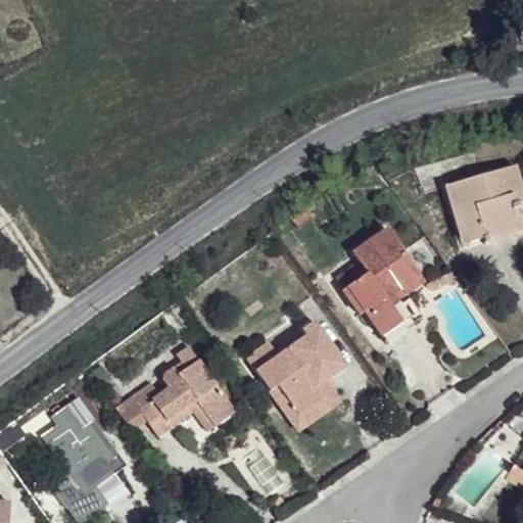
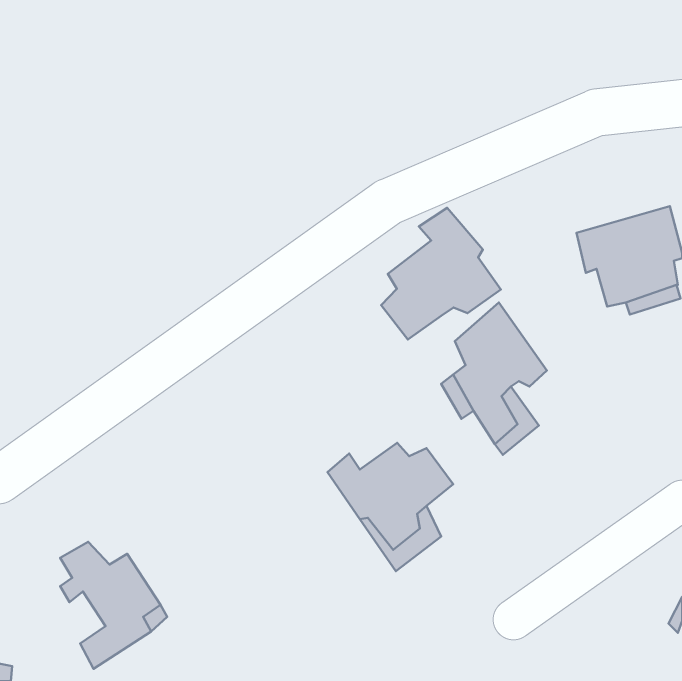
building: none -> [381,208,501,339]
building: [131,343,239,438] -> none

